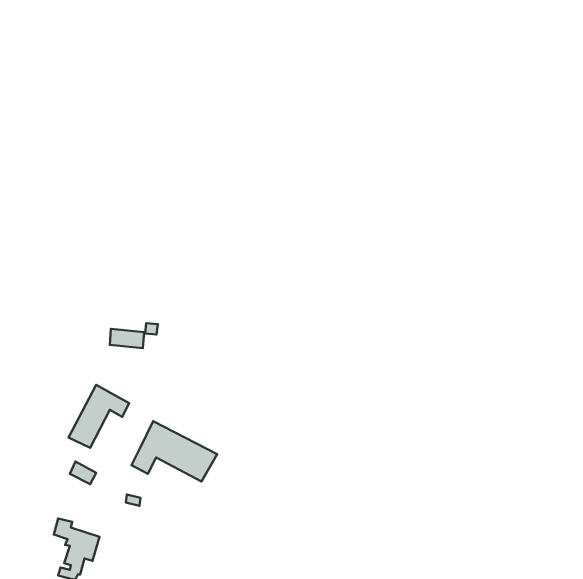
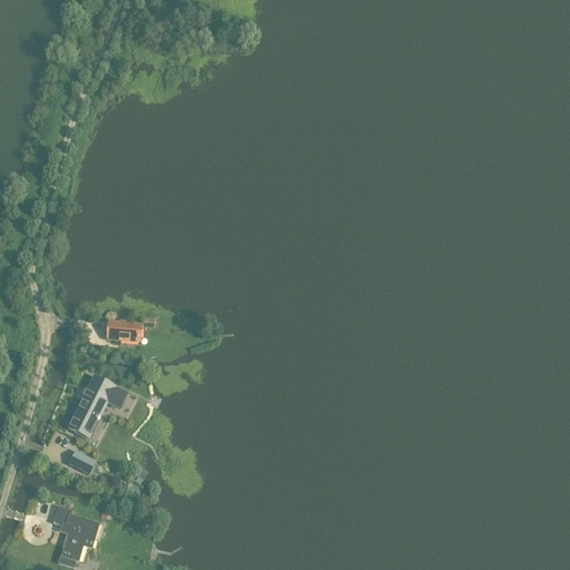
building: [132,421,217,481] -> none

